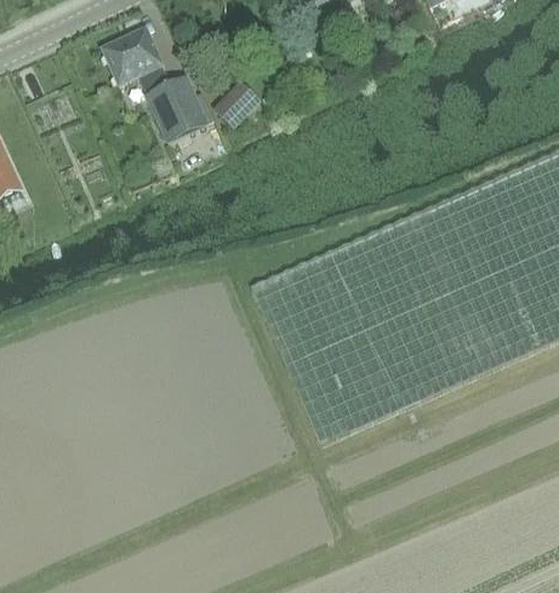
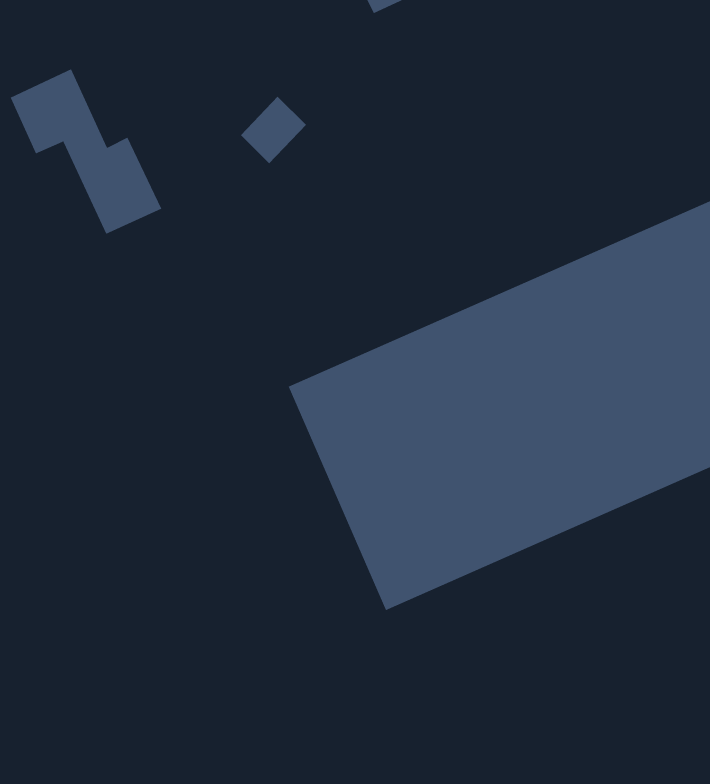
building: [104,29,212,147] -> [10,68,162,234]

